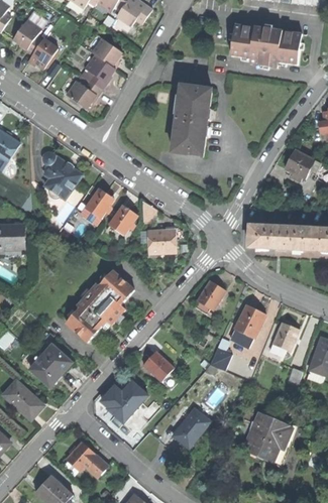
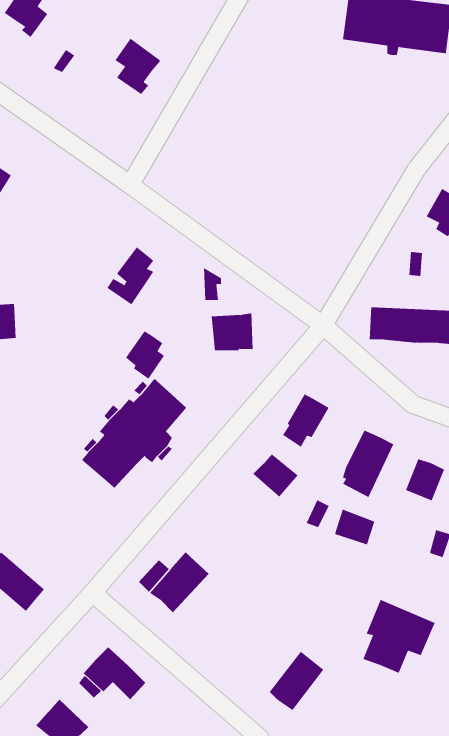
building: [28,37,59,67] -> none
building: [93,38,122,68] -> none
building: [67,79,103,109] -> none
building: [172,85,211,155] -> none
building: [44,151,83,199] -> none
building: [110,204,135,235] -> [125,331,165,380]
building: [31,343,72,384] -> none
building: [142,351,172,379] -> [253,453,298,498]
building: [173,408,208,447] -> [269,651,324,711]

